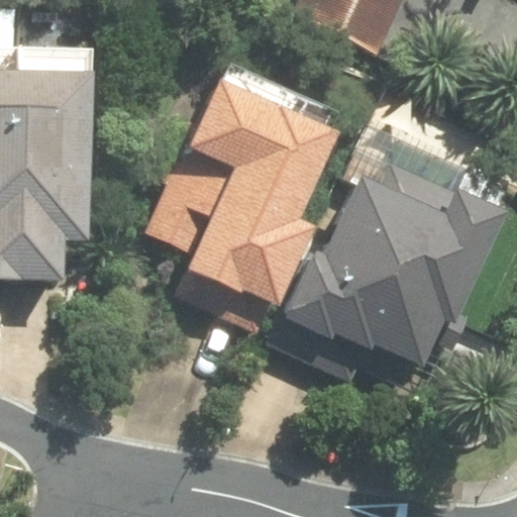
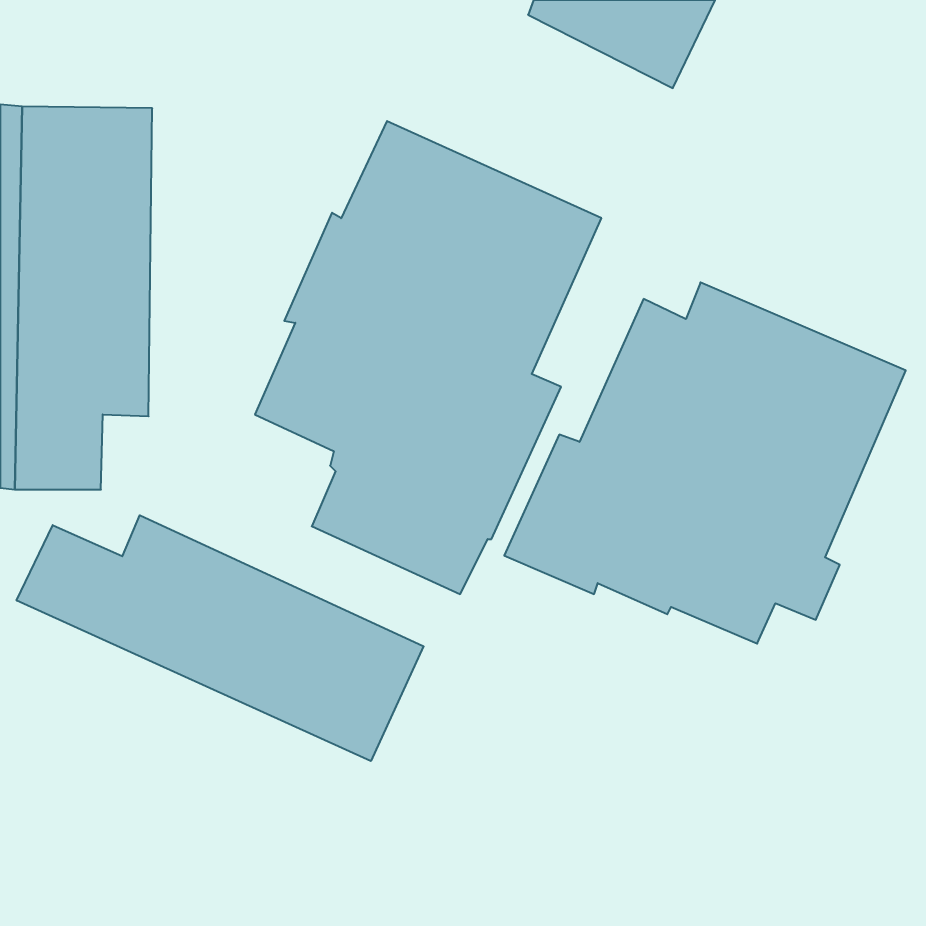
building: none -> [17,515,424,761]

